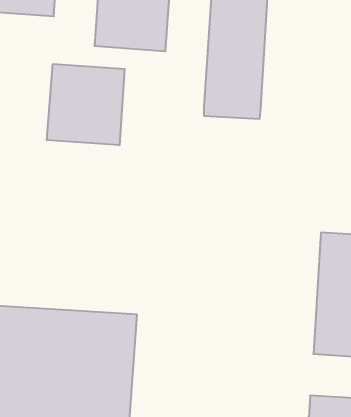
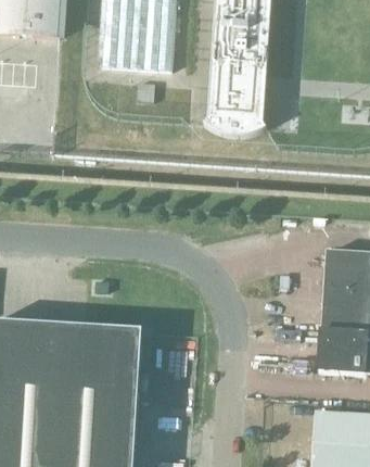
building: [47,64,125,145] -> none

